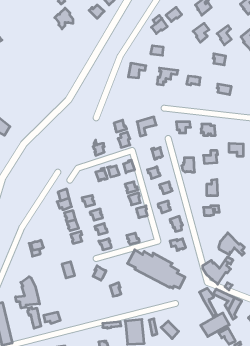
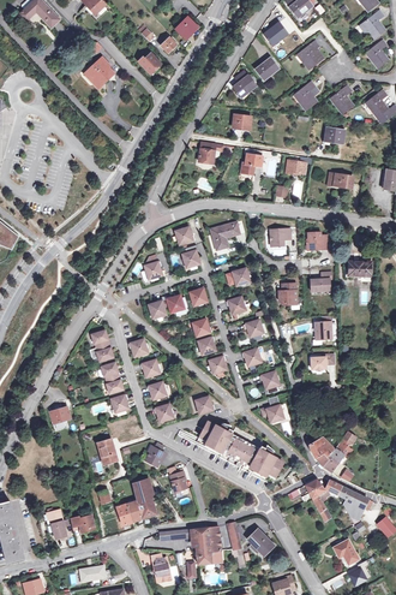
building: [219,233,244,255] -> none
building: [16,277,40,308] -> none
building: none -> [116,480,156,525]
building: [201,313,229,337] -> none

